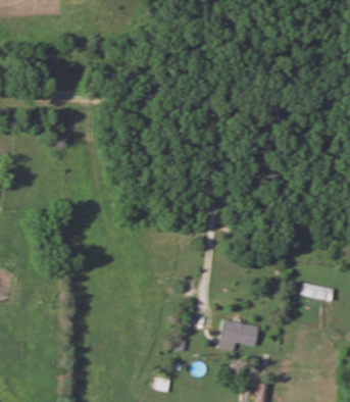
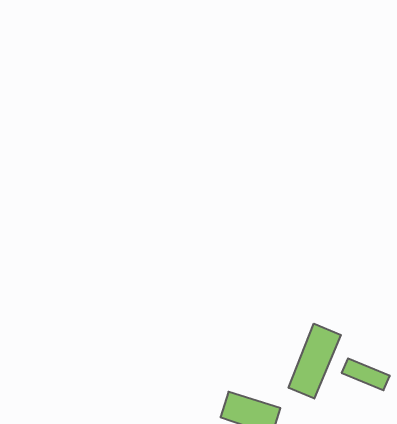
building: none -> [289,324,341,399]

